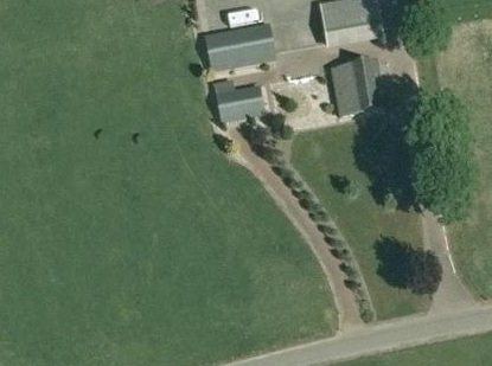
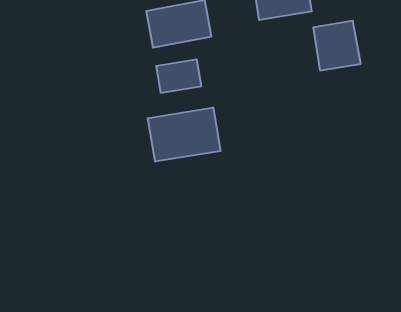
building: [333,57,384,110] -> [313,21,361,70]
building: none -> [148,107,221,162]

